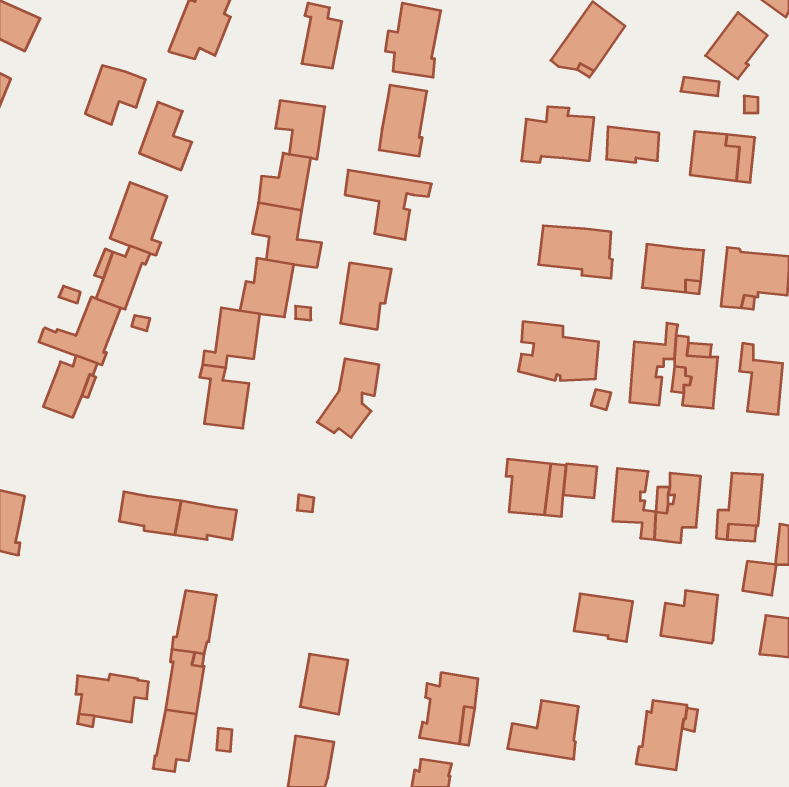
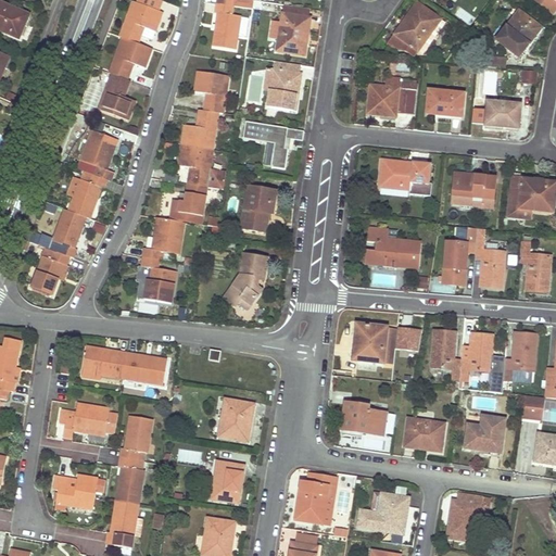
building: [85,66,146,124] -> [109,37,151,78]
building: none -> [218,397,253,440]
building: none -> [343,401,384,434]
building: none -> [59,402,117,441]

